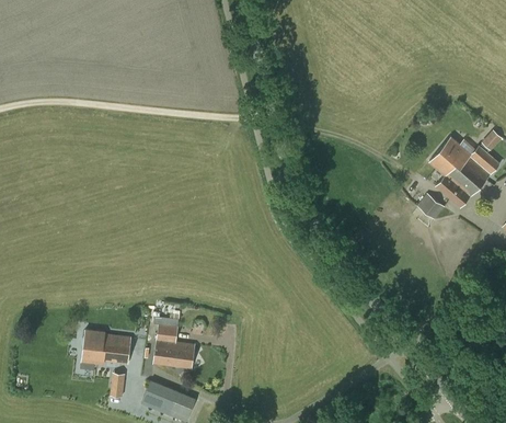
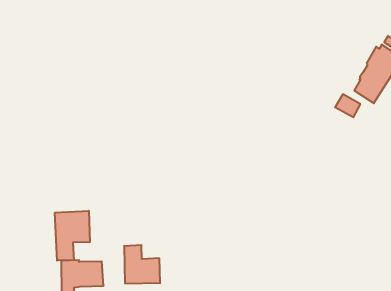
building: [429,136,473,191] -> none
building: none -> [55,211,90,261]

